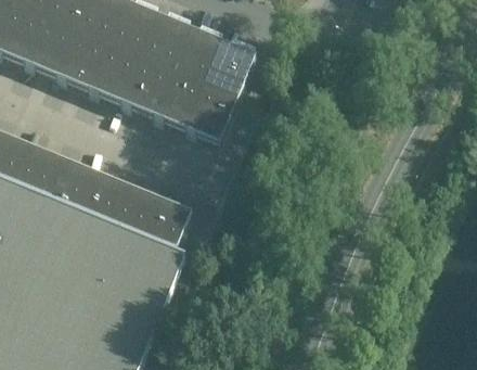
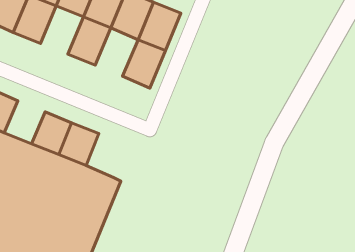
building: [88,43,139,101] -> none
building: [153,69,204,127] -> none
building: [44,156,93,207] -> none
building: [142,195,190,247] -> none

